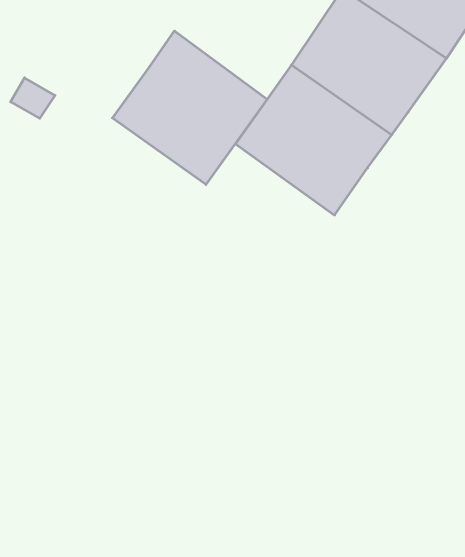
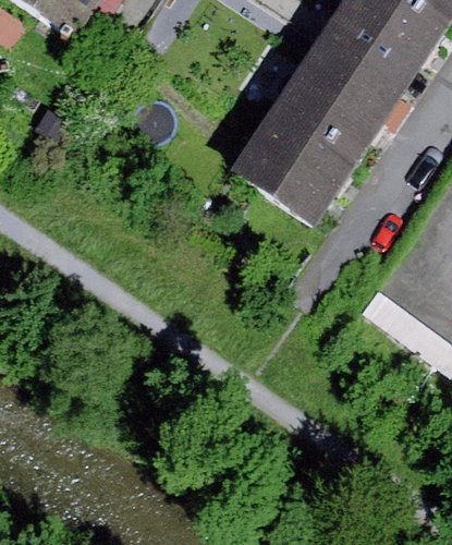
building: [112,31,267,185] -> none

